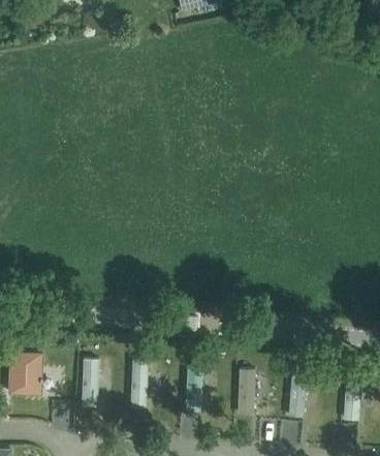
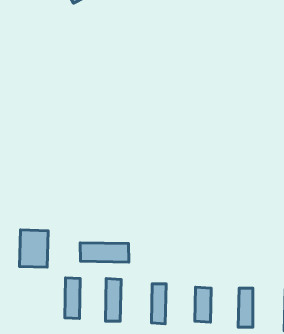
building: none -> [80,243,129,262]
building: [9,352,43,396] -> [19,230,48,267]

